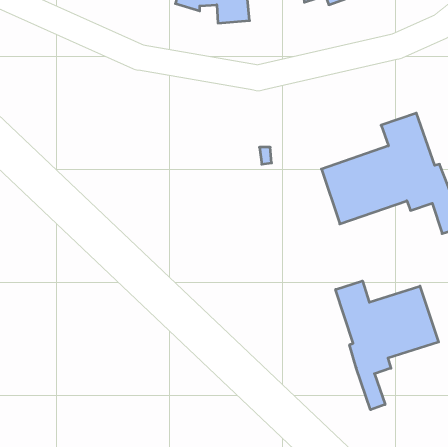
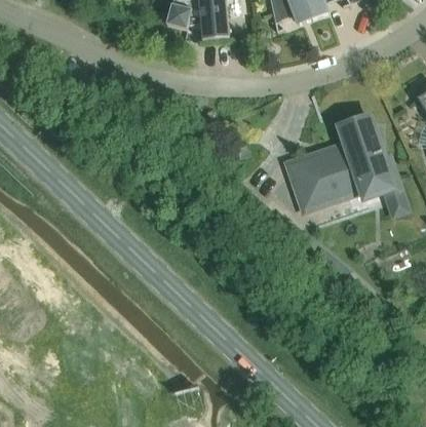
building: [336,281,439,410] -> none

